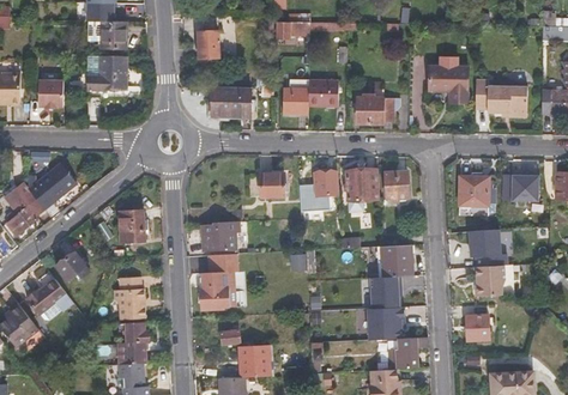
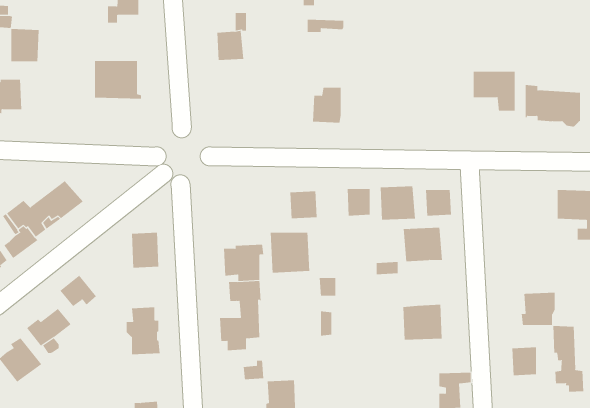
building: [97,23,126,49] -> none
building: [37,77,64,107] -> [10,29,40,62]
building: [309,79,338,105] -> none
building: [211,85,249,115] -> none
building: [359,95,403,124] -> none
building: [459,175,488,203] -> none
building: none -> [270,232,310,273]
building: [467,229,506,266] -> none
building: [375,245,411,276] -> [403,227,443,262]
building: none -> [553,325,584,393]
building: [363,306,400,340] -> none
building: [120,322,150,364] -> none

